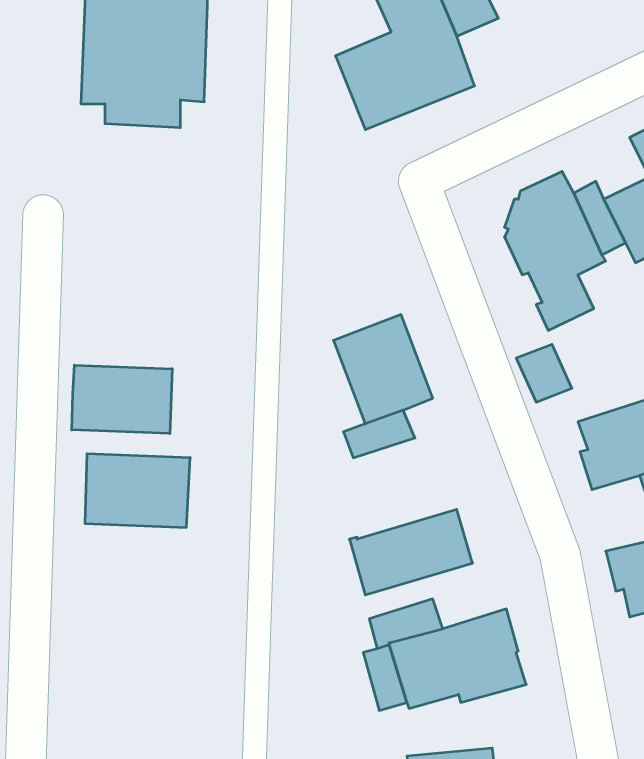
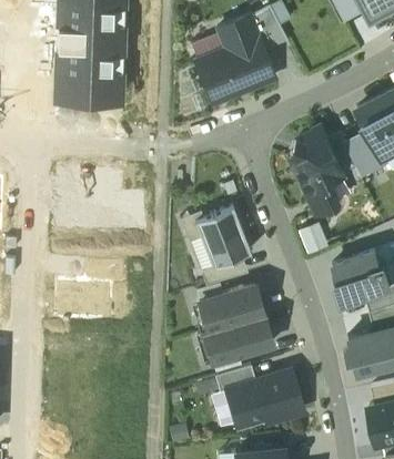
building: [72,365,172,434] -> none
building: none -> [198,285,262,332]

